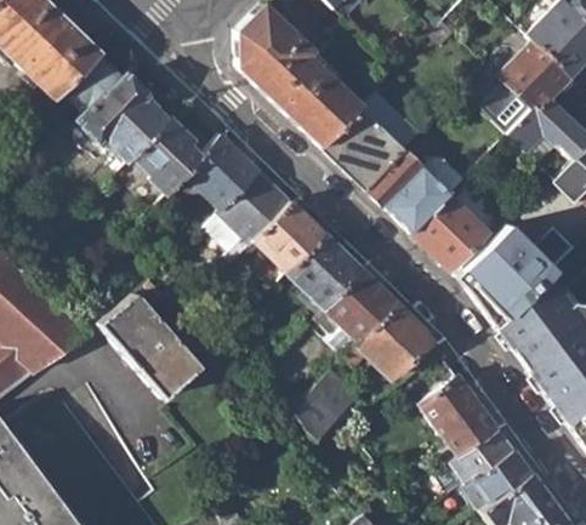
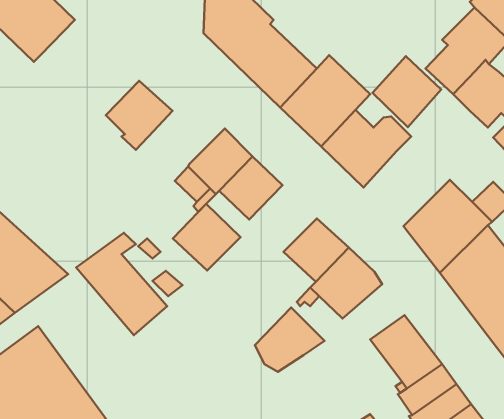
building: [59,52,167,161] -> none
building: [183,135,261,210] -> none
building: [413,195,488,273] -> [372,56,441,127]
building: [288,233,362,306] -> [173,204,240,271]

